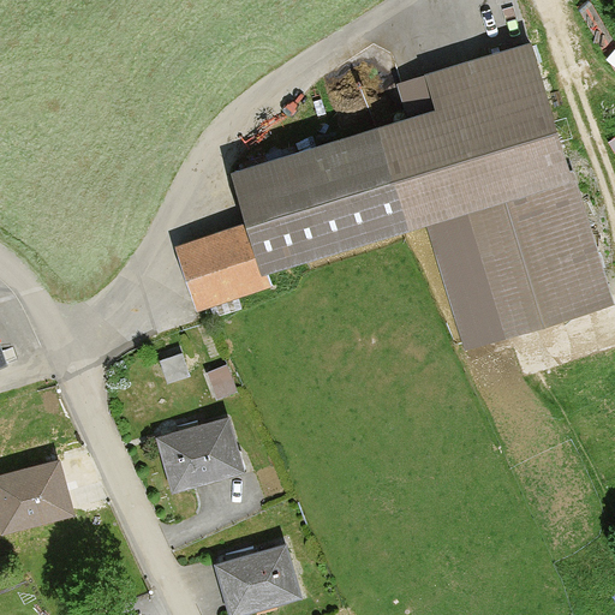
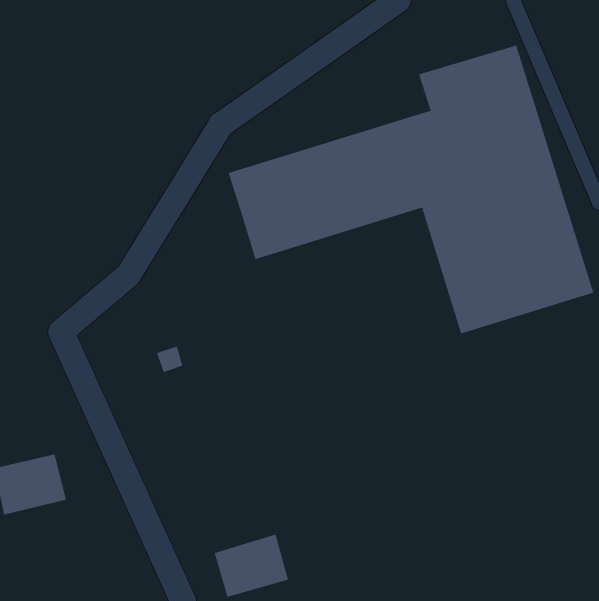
building: [180,226,265,301] -> none
building: [161,420,239,485] -> none

